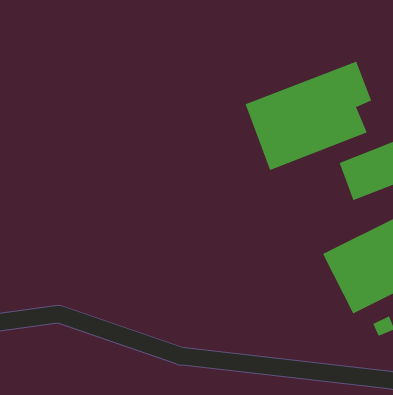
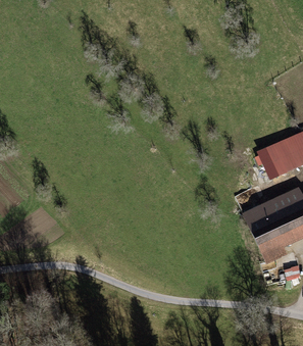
building: [245,61,372,171] -> none

